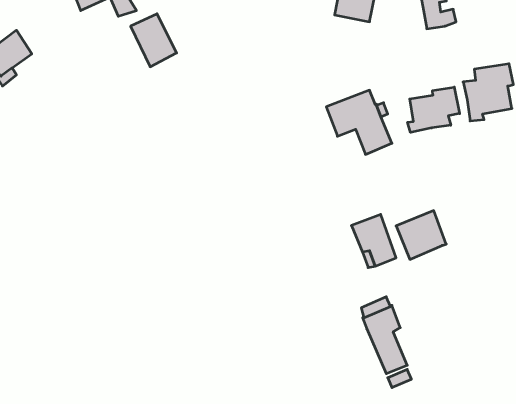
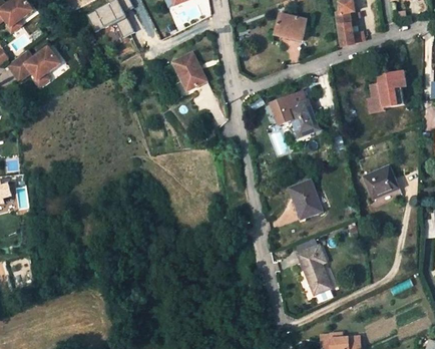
building: [131,14,177,67] -> [173,51,206,89]
building: [408,87,460,132] -> none
building: [396,211,446,259] -> [362,163,398,199]

